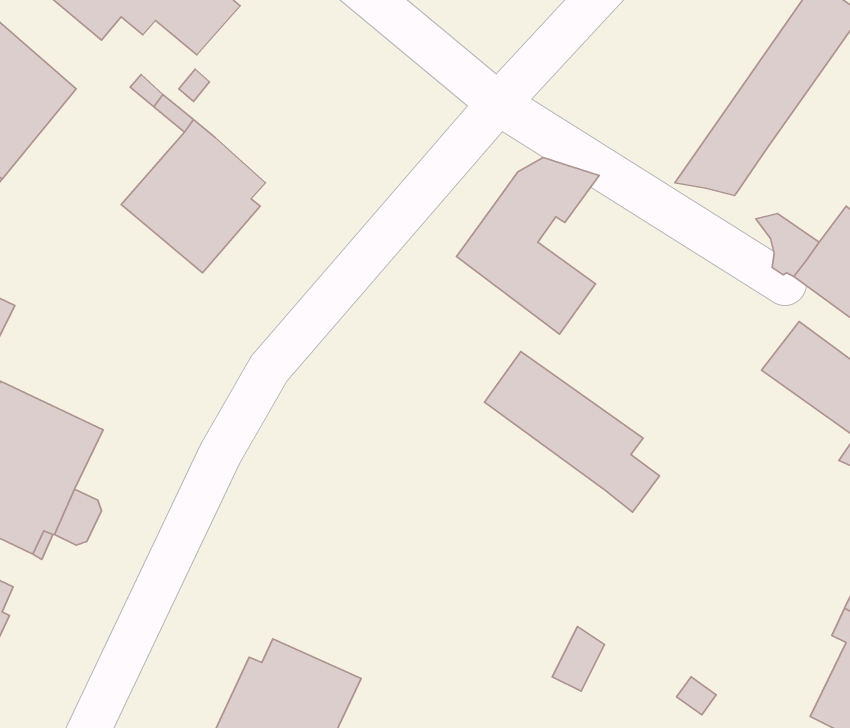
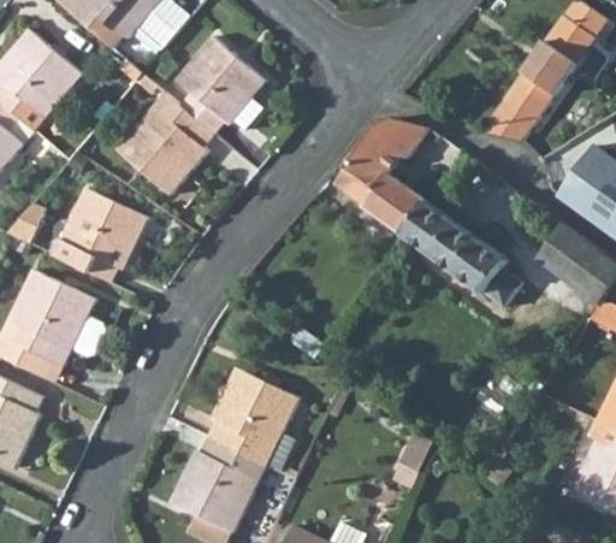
building: none -> [172,35,262,135]
building: none -> [48,185,143,283]
building: [485,352,660,512] -> [403,202,520,309]
building: none -> [212,365,303,472]

